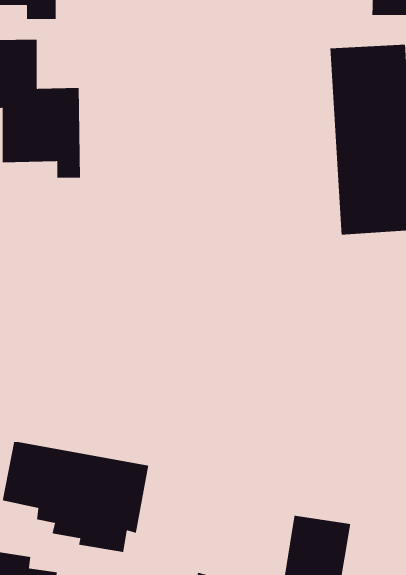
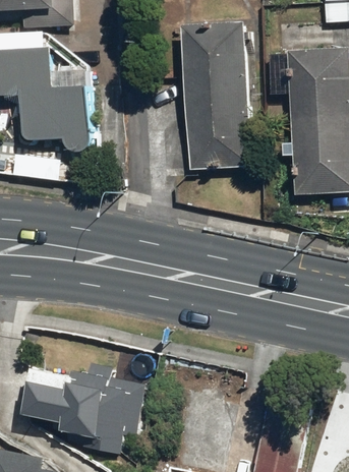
building: none -> [180,16,254,170]

